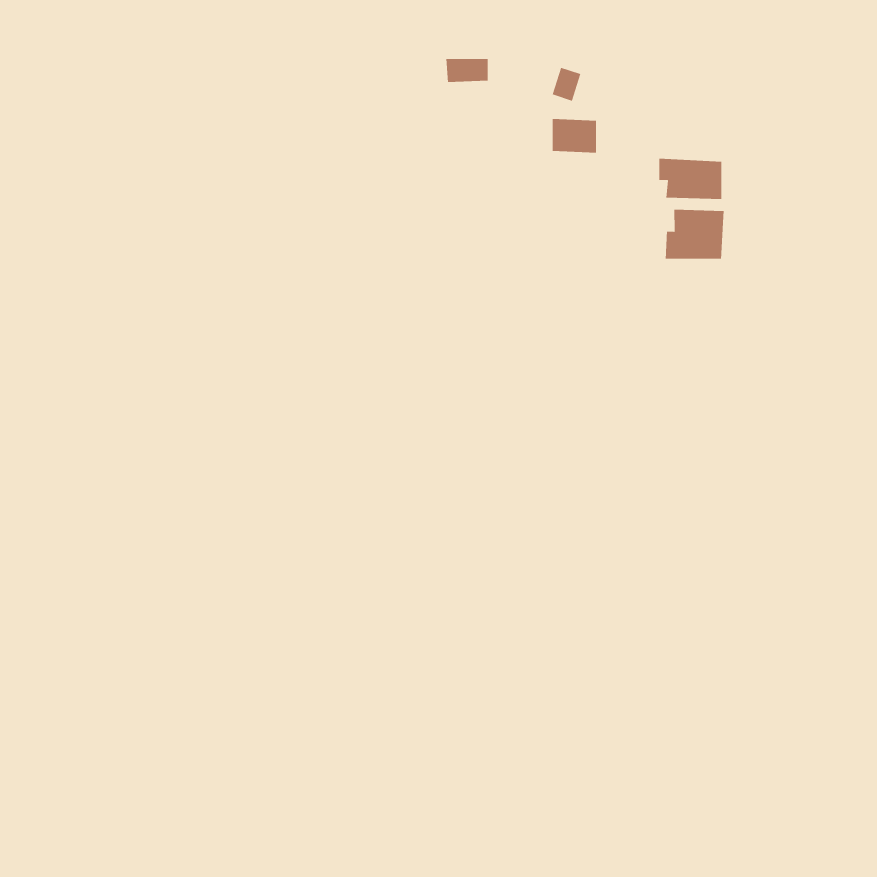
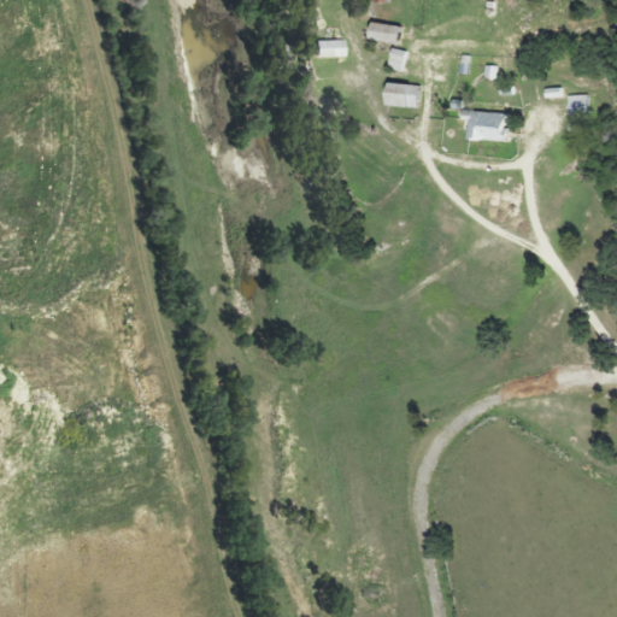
building: none -> [369,20,401,45]
building: [665,209,724,260] -> none

